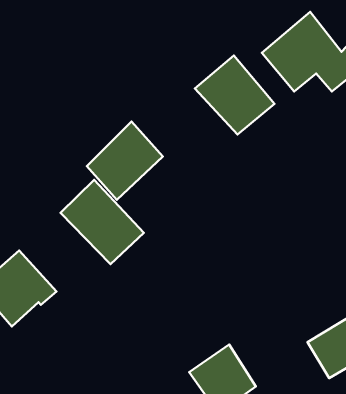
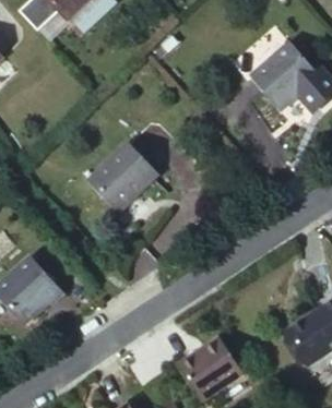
building: [195,56,274,135] -> none
building: [60,180,144,264] -> none

